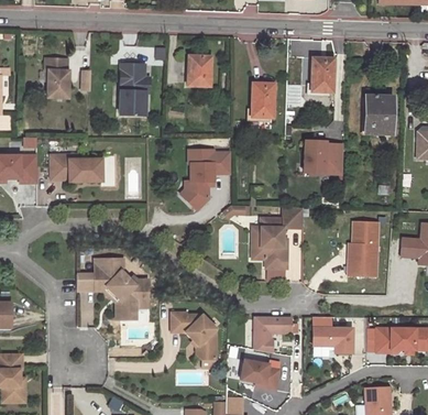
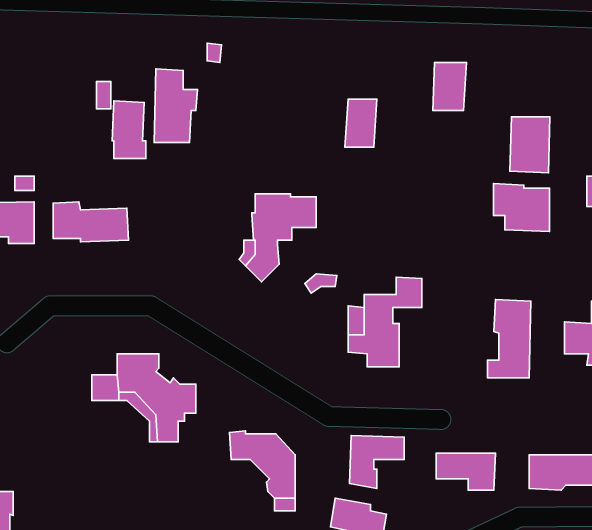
building: [188,56,210,85] -> none
building: [46,57,69,97] -> [112,101,146,159]
building: [305,140,343,173] -> [494,184,550,232]

